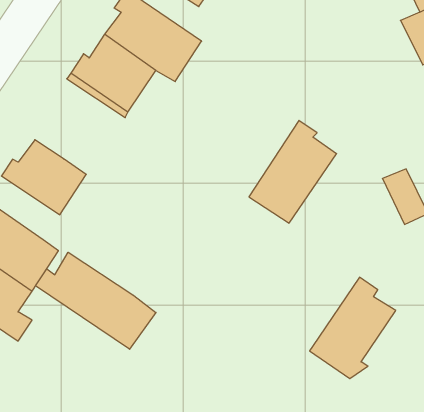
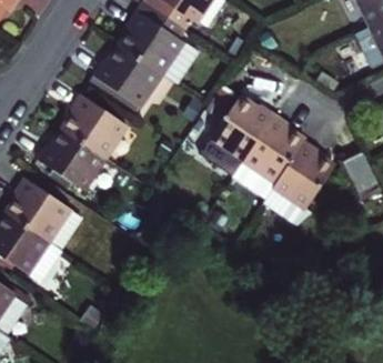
building: none -> [64,92,128,157]
building: none -> [203,97,275,174]
building: [35,252,156,349] -> none
building: [310,277,396,379] -> [265,140,334,221]

